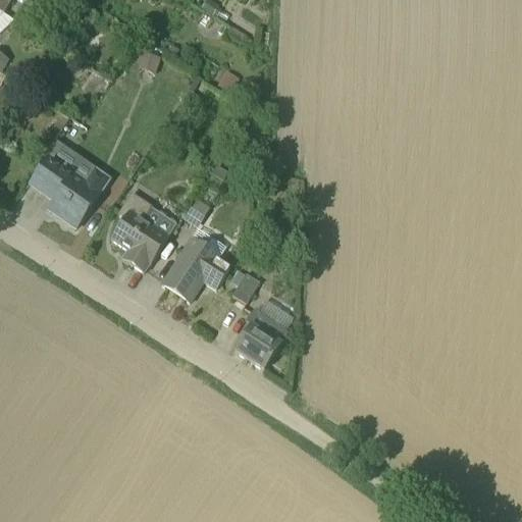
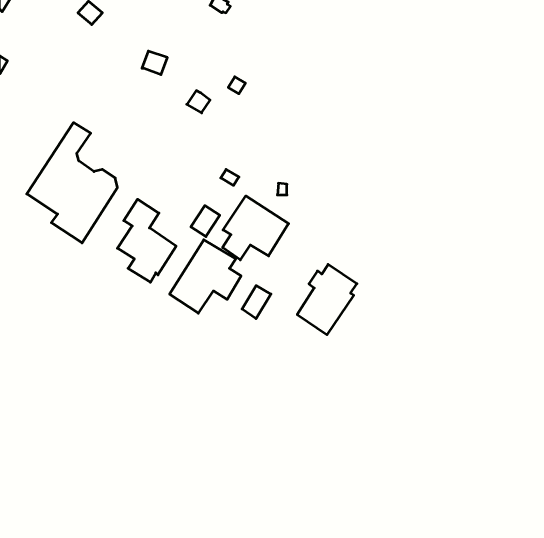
building: none -> [223,196,289,260]
building: [234,301,292,368] -> [297,264,357,335]

